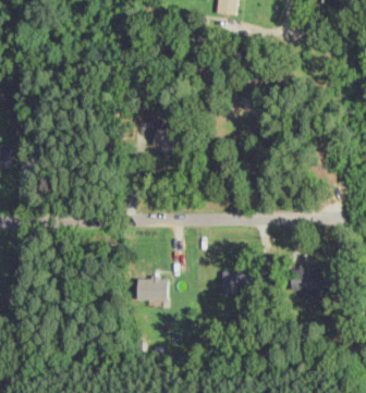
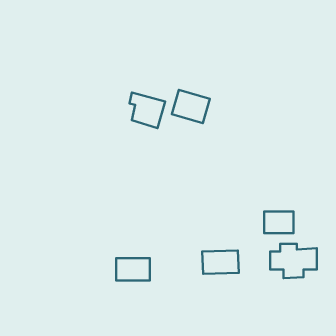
building: none -> [172,90,210,123]
building: none -> [264,212,293,233]

